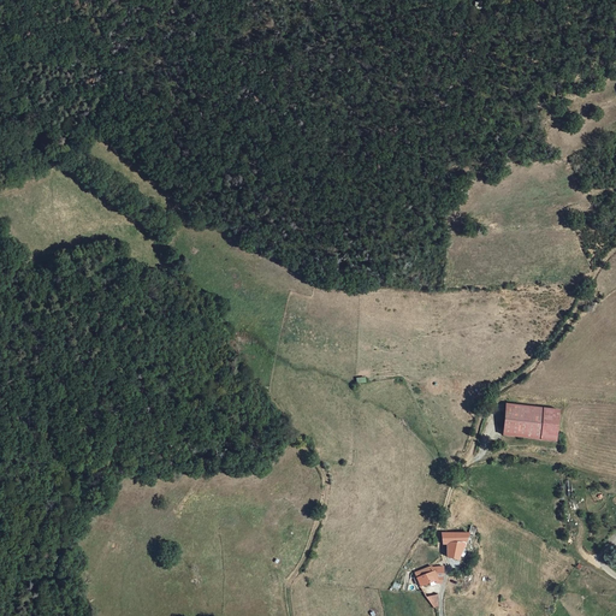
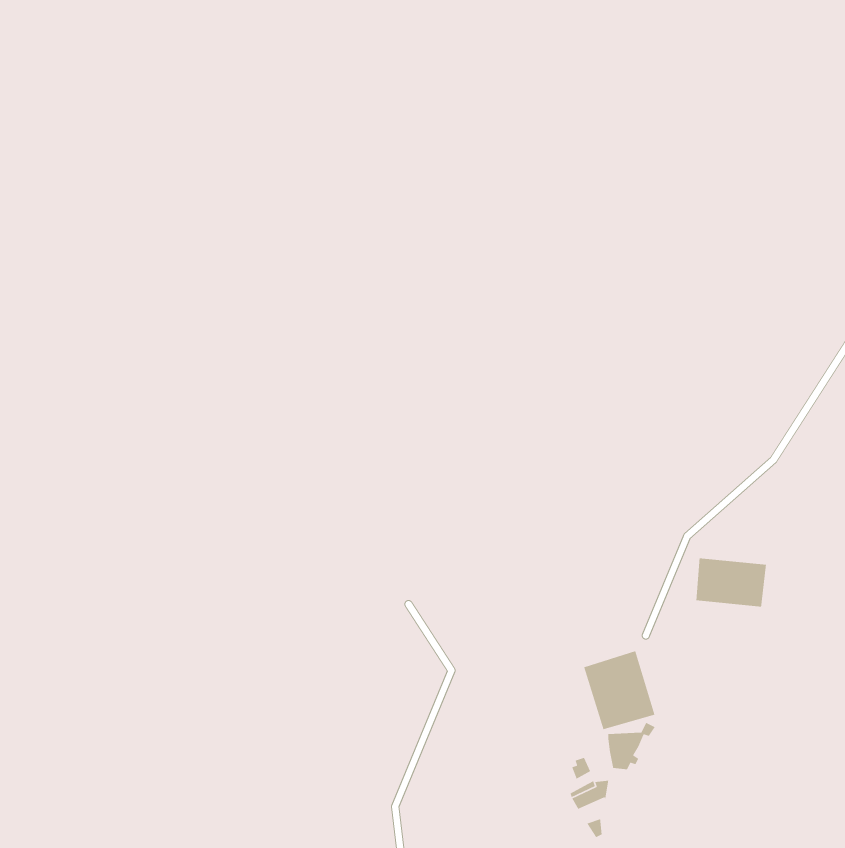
building: none -> [583,650,656,730]

